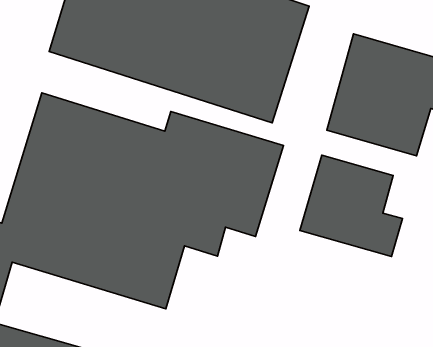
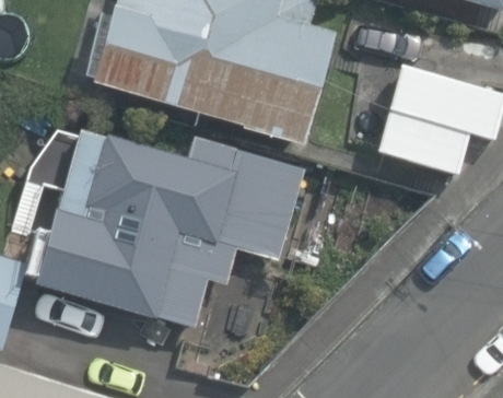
building: [300,155,403,257] -> none

